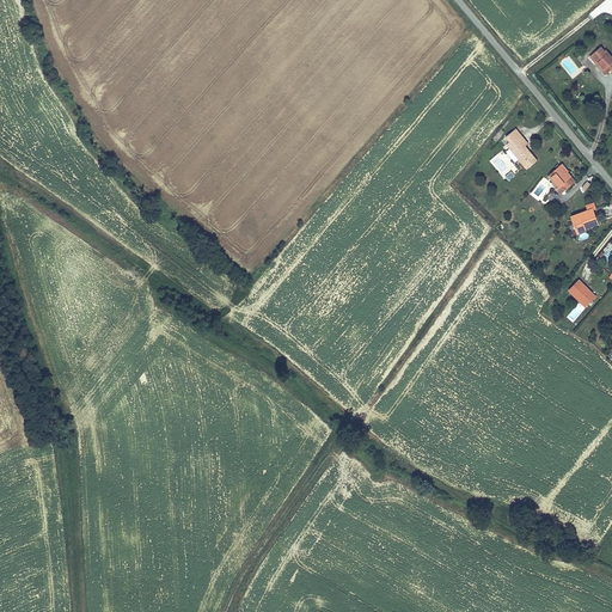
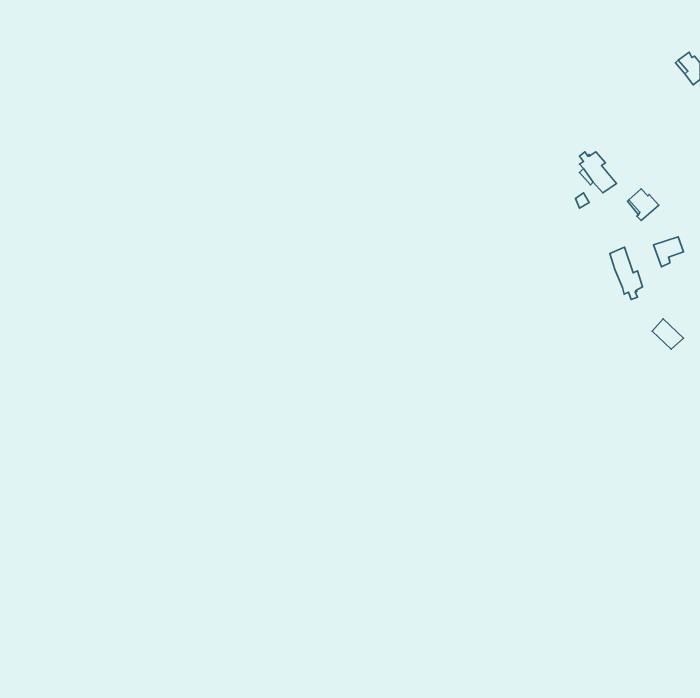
building: none -> [610,247,642,300]

